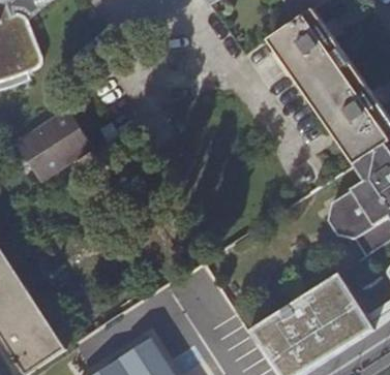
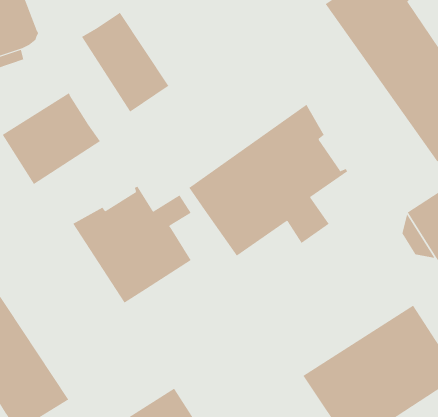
building: none -> [81,12,169,112]
building: none -> [188,104,348,256]
building: none -> [73,186,192,304]

